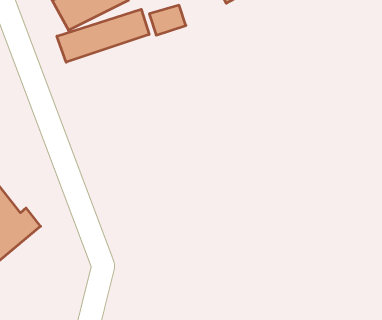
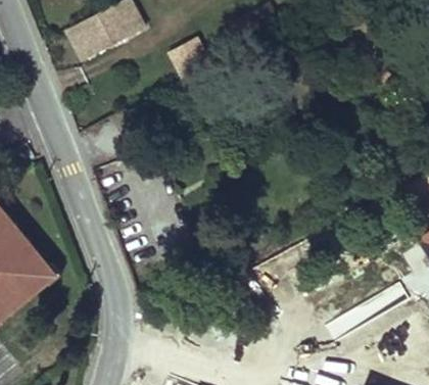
building: [57,9,149,62] -> none

